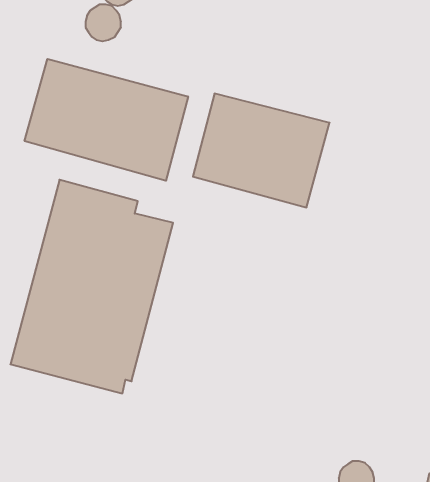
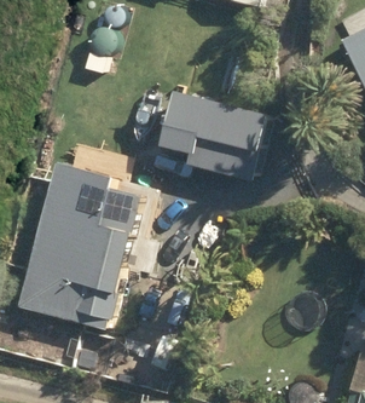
building: [25,59,188,181] -> none

